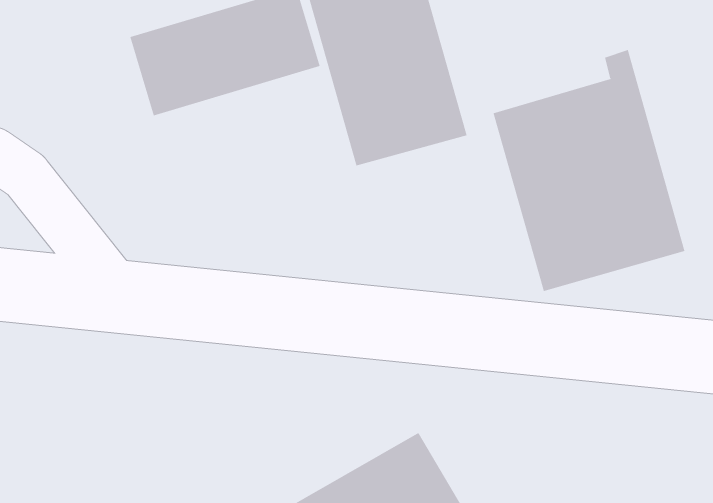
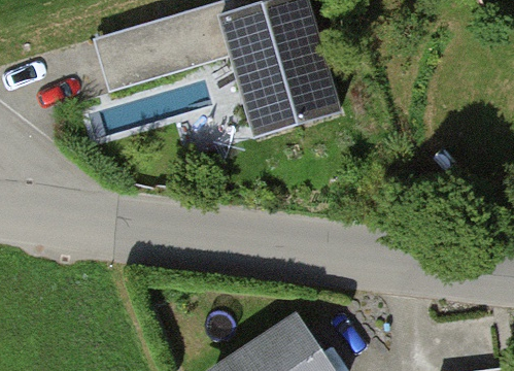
building: [493,49,685,292] -> none

